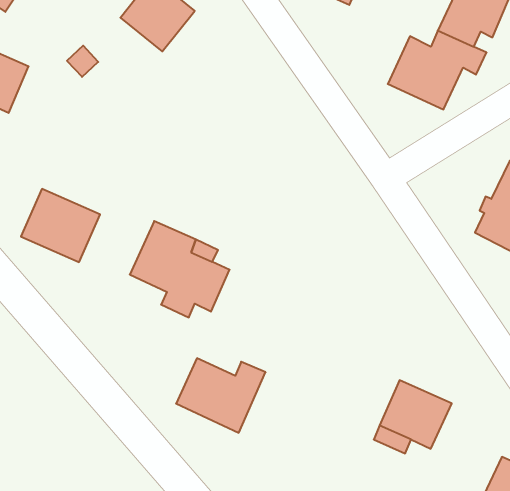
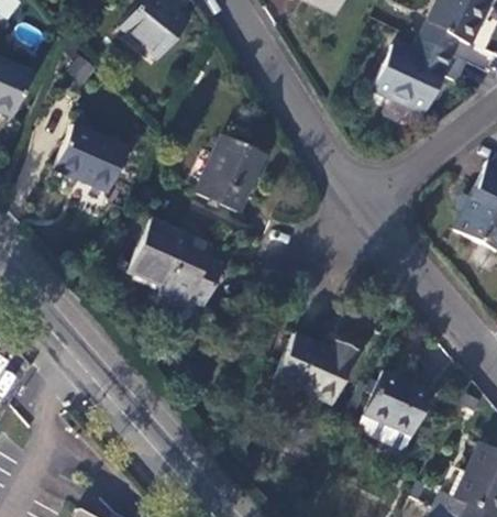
building: none -> [197,134,266,212]
building: [21,189,100,262] -> [55,123,130,193]
building: [176,358,266,433] -> [274,336,358,406]

